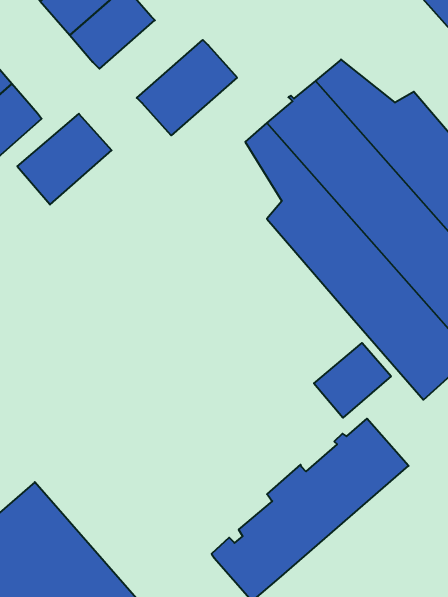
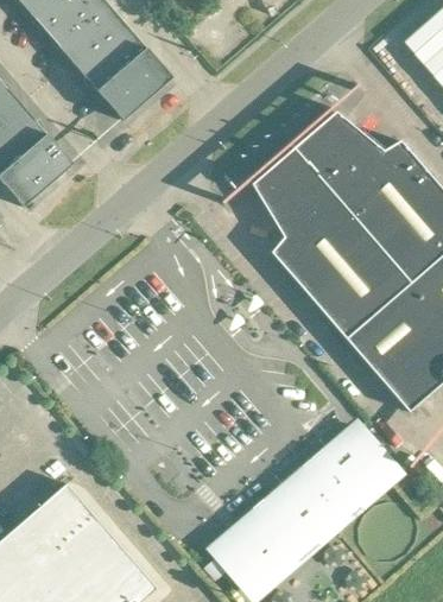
building: [137,40,237,135] -> none
building: [17,114,112,205] -> none
building: [314,343,391,418] -> none

